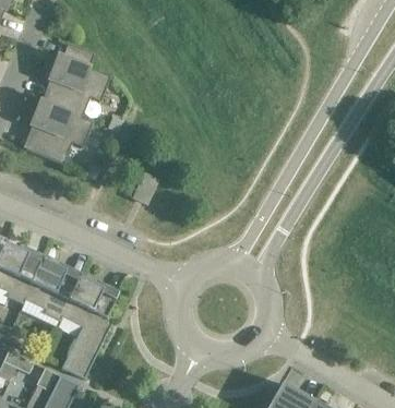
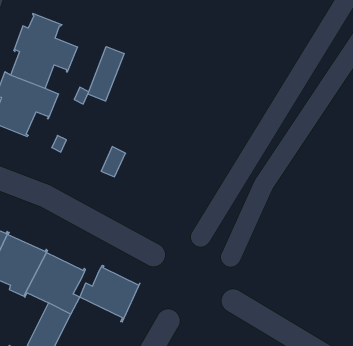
building: none -> [88,47,124,101]
building: none -> [80,265,140,322]

